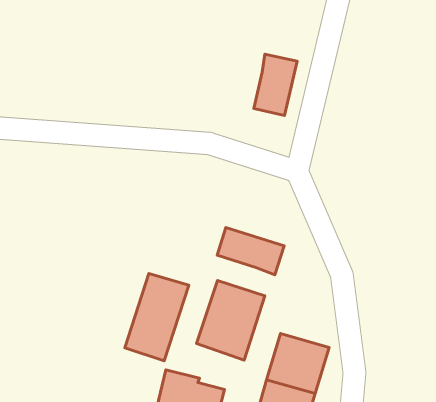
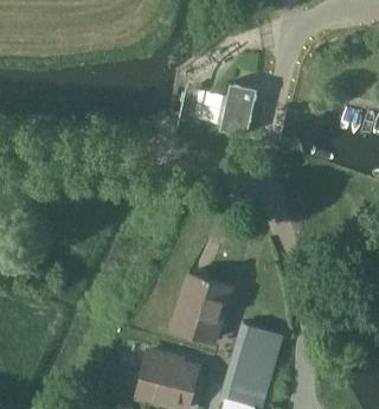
building: [217,227,284,275] -> none
building: [125,274,189,361] -> none

